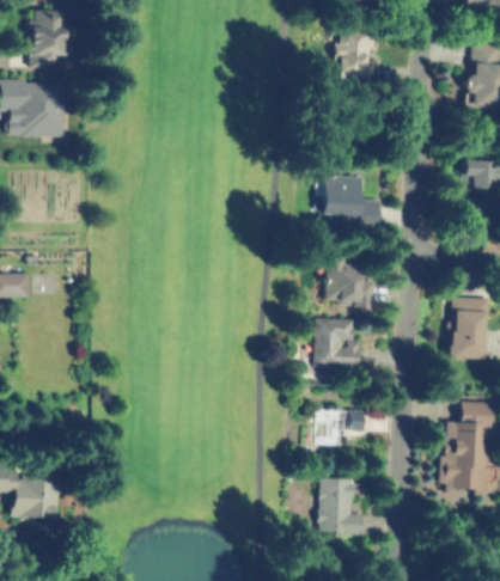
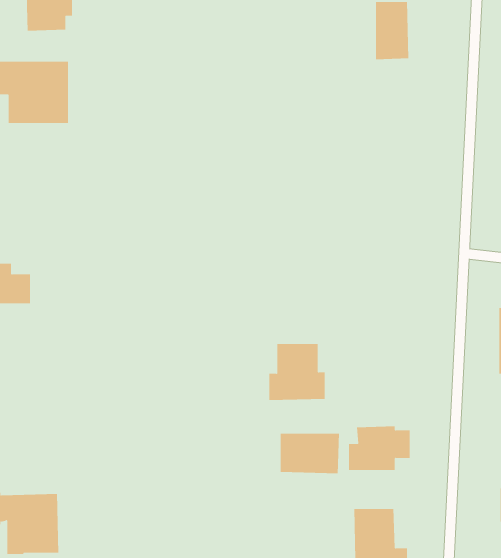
building: [324,175,382,234] -> none
building: [323,257,378,301] -> none
building: [310,318,360,368] -> [268,343,325,400]
building: none -> [280,433,340,474]

